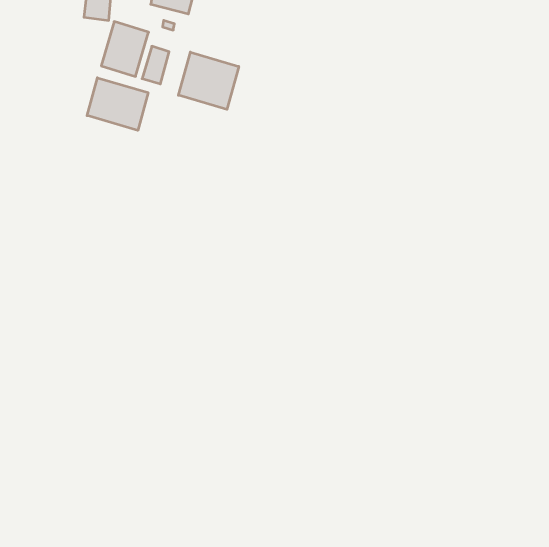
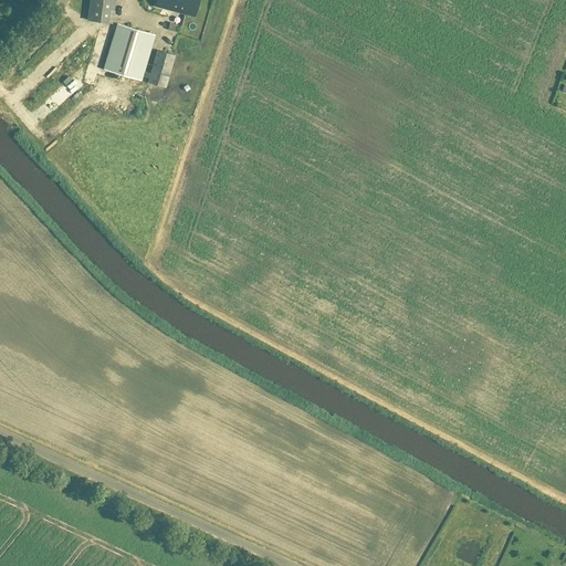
building: [178,52,239,109] -> none
building: [87,78,148,130] -> none

